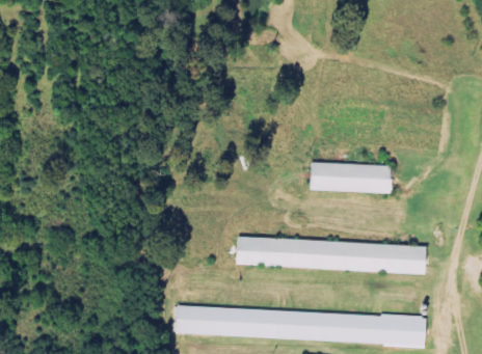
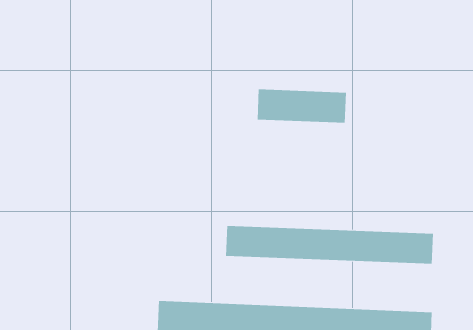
building: [310,161,392,192] -> [257,89,347,123]

